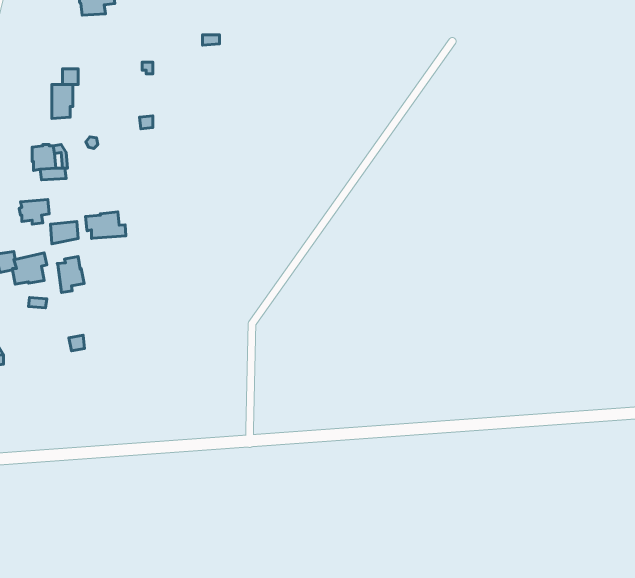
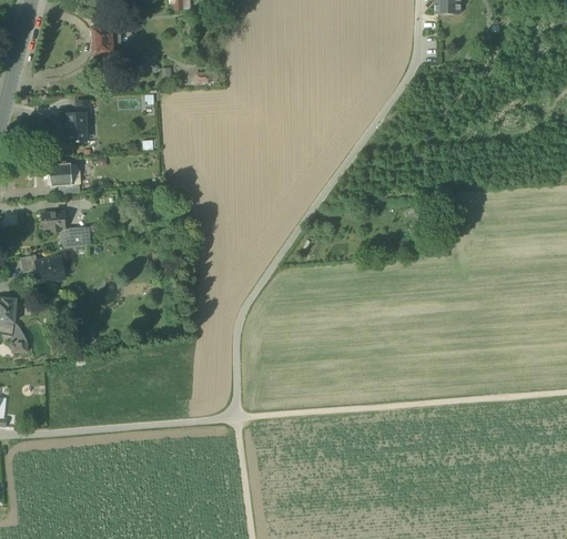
building: [86,212,126,238] -> none
building: [57,257,84,292] -> none

